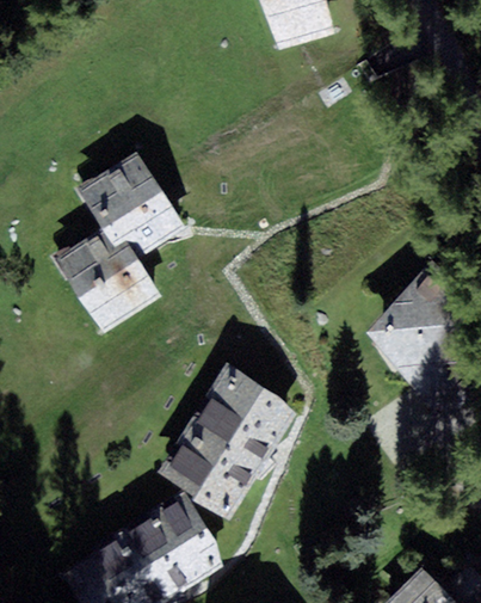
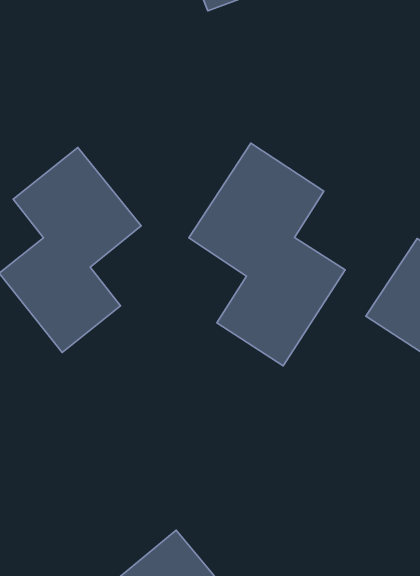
building: none -> [189,143,345,366]
building: [162,368,292,510] -> none

